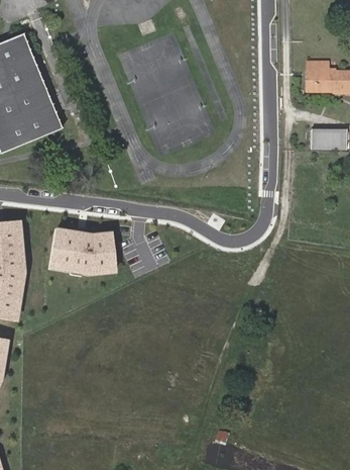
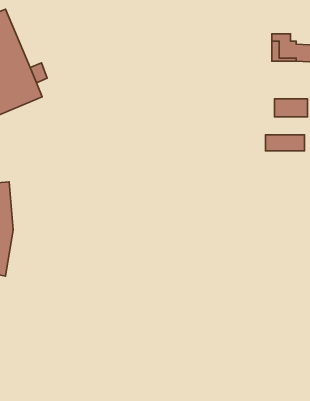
building: none -> [265,135,304,151]
building: [51,226,119,276] -> none

